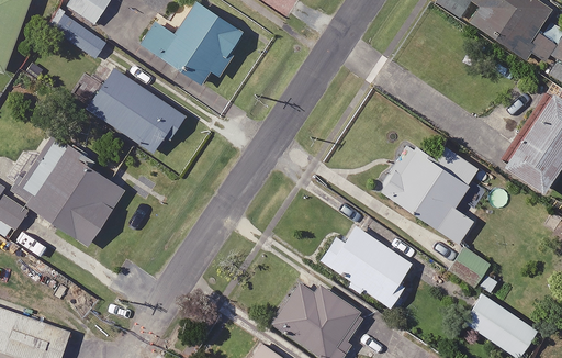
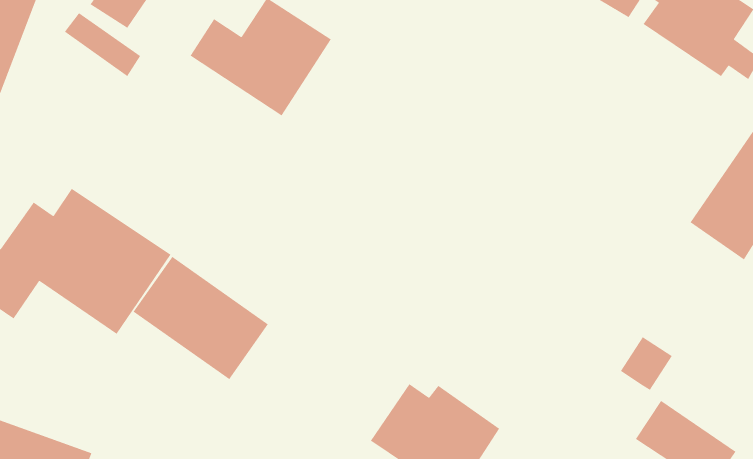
building: [87,67,186,157] -> [133,256,269,380]
building: [378,144,477,243] -> none
building: [321,225,412,307] -> none

